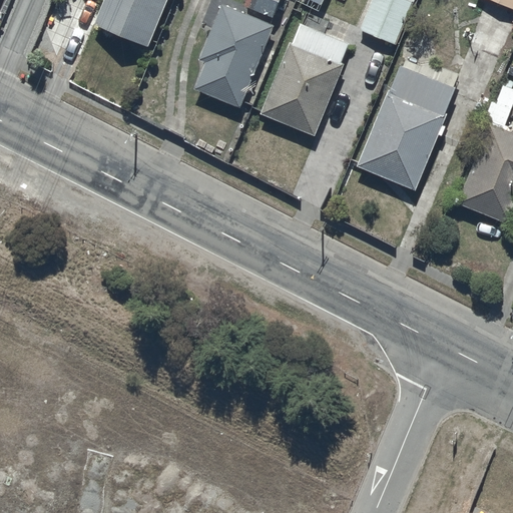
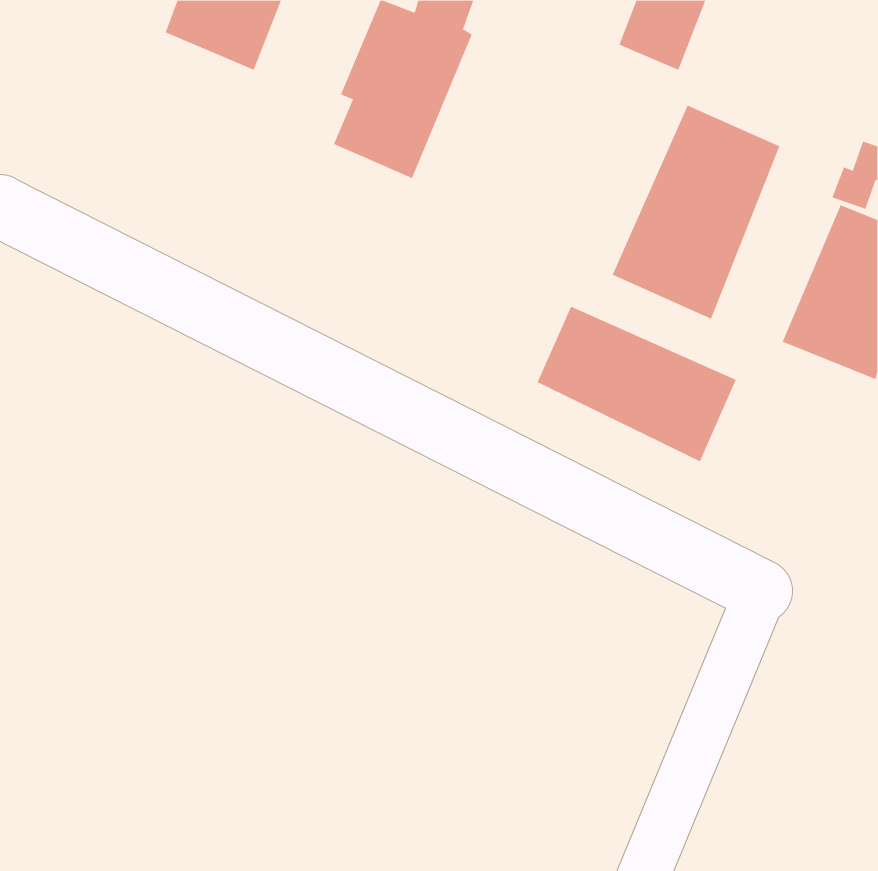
building: [260,25,348,135] -> none
building: none -> [537,306,737,462]

